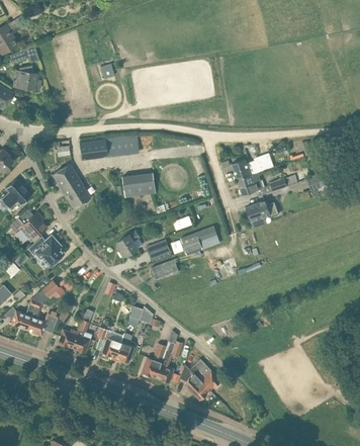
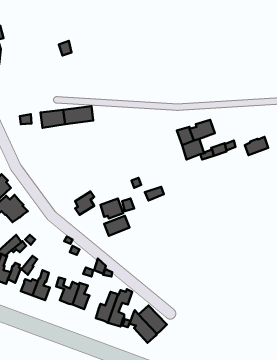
building: [53,163,90,208] -> none
building: [123,172,156,196] -> none
building: [247,200,278,220] -> none

